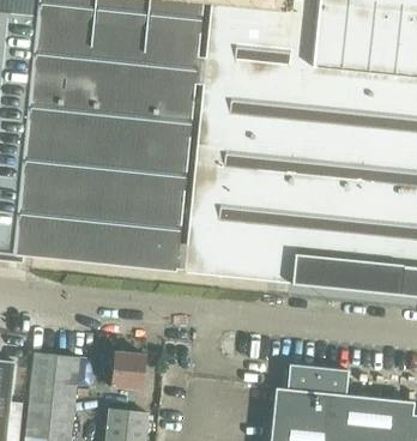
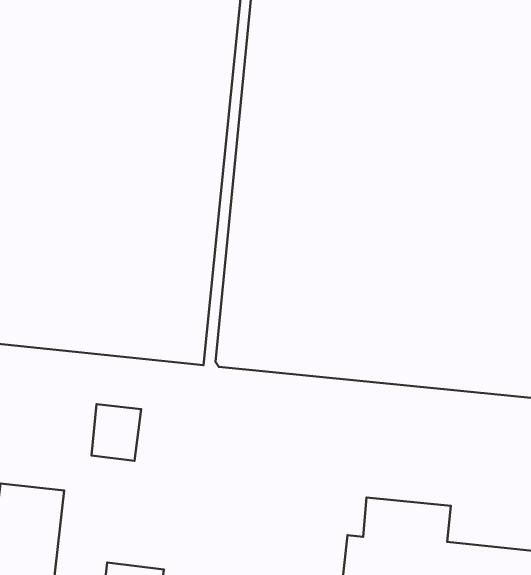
building: [113,351,147,391] -> [91,404,141,461]

